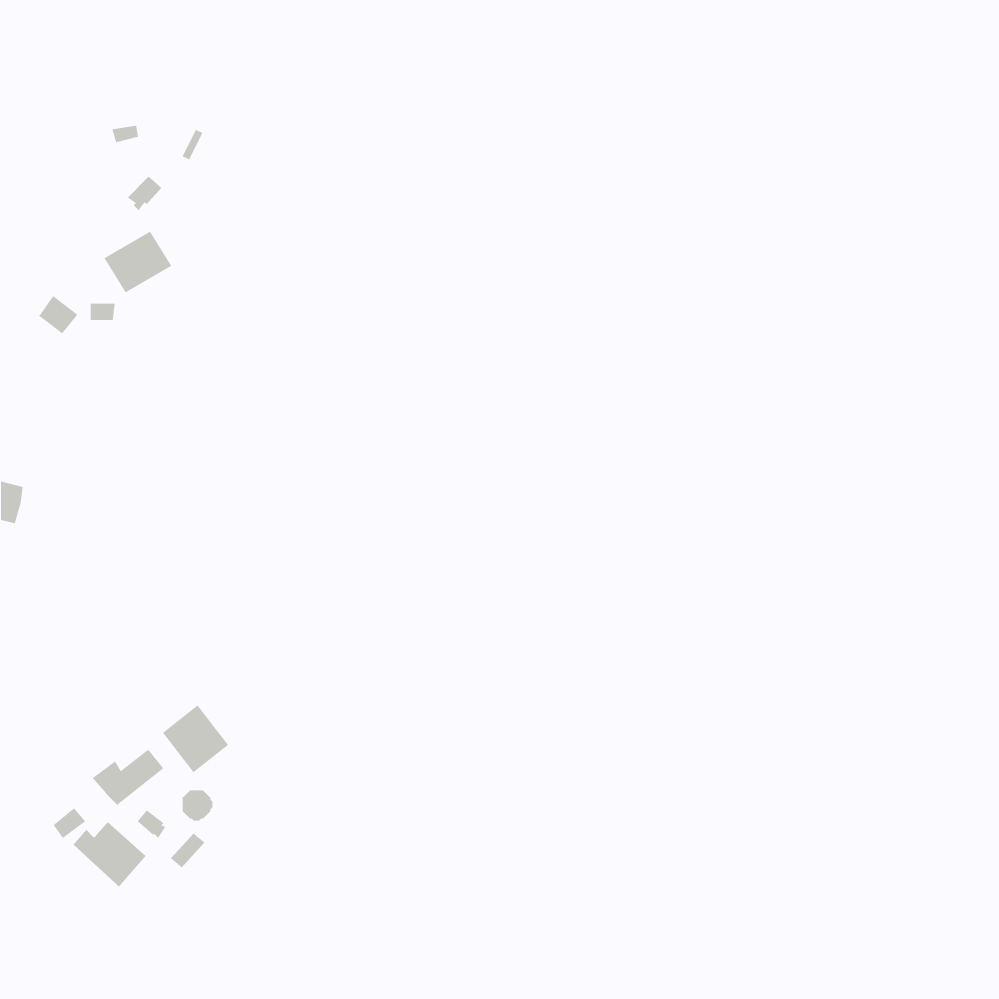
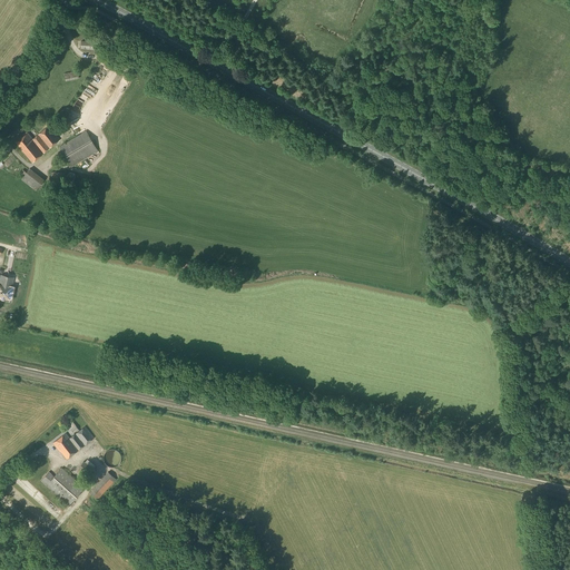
building: none -> [16,126,60,163]
building: [162,705,229,773] -> none

